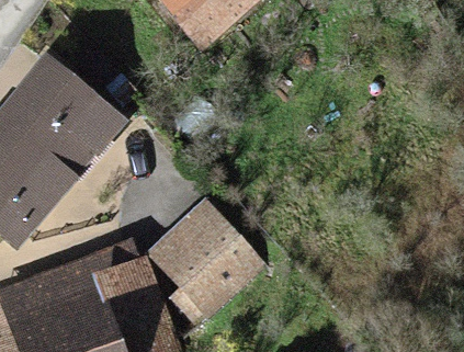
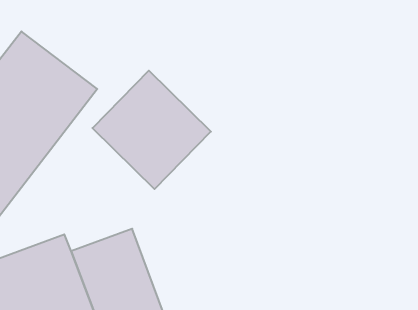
building: [146,201,261,316] -> [92,71,211,189]

